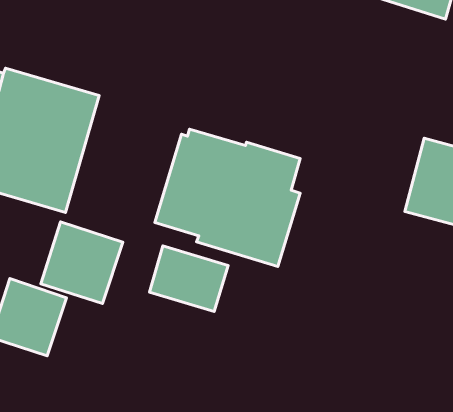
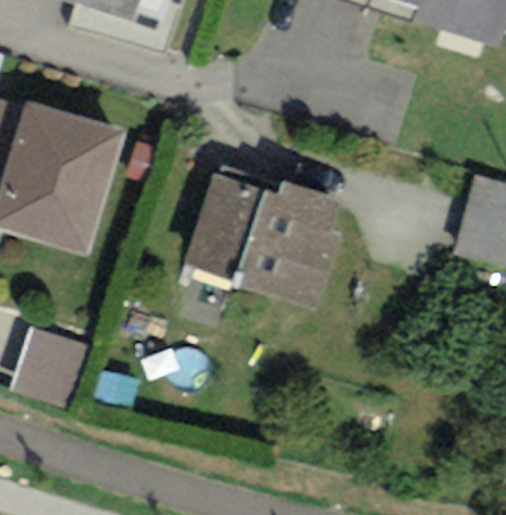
building: [41,222,123,304] -> none
building: [149,246,228,311] -> none

